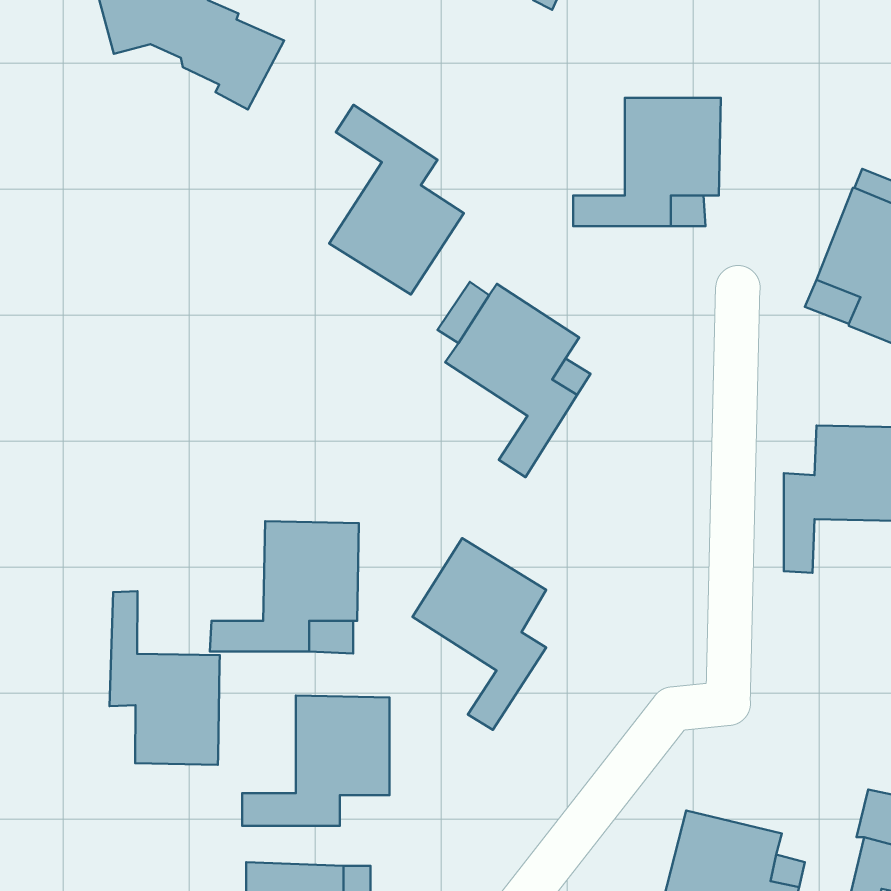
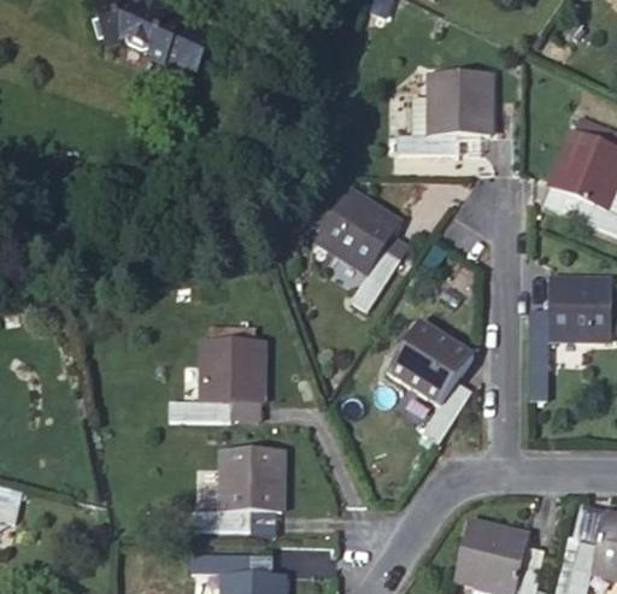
building: [329,105,464,295] -> none
building: [412,538,546,730] -> [388,322,472,442]
building: [109,591,220,765] -> none

